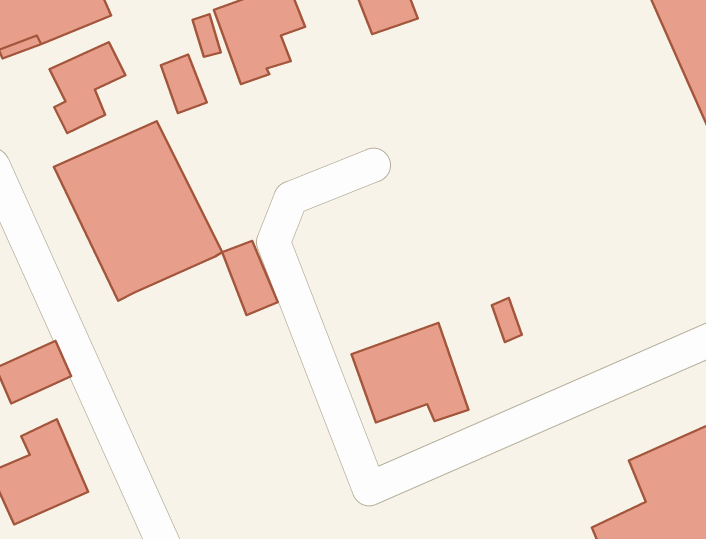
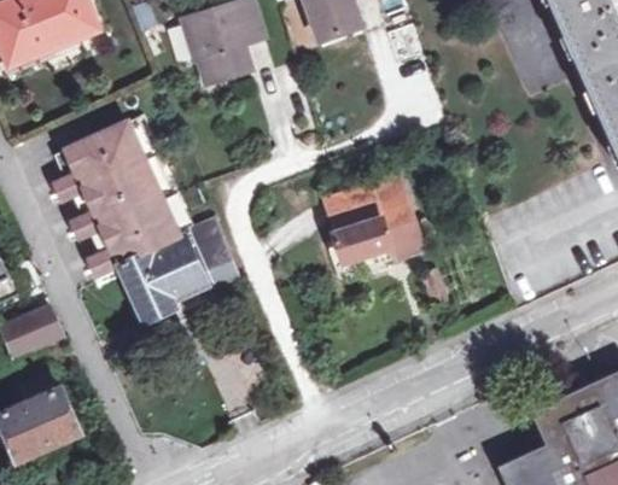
building: [50,42,126,133] -> none
building: [161,55,207,113] -> none
building: none -> [119,233,214,322]
building: [352,323,469,423] -> [325,173,424,257]

